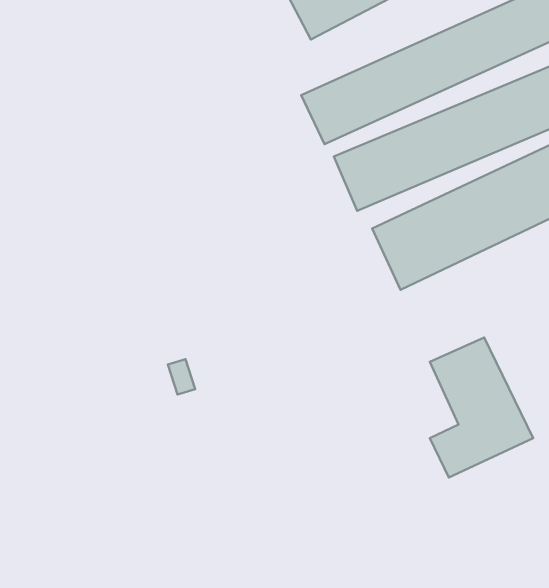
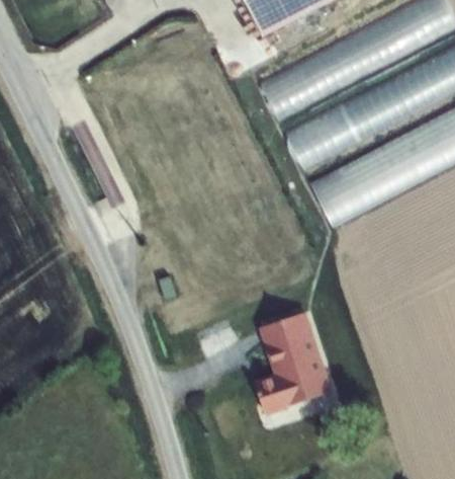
building: [430,337,533,478] -> [252,303,329,407]

